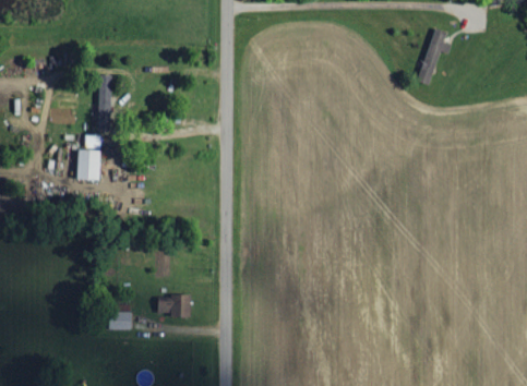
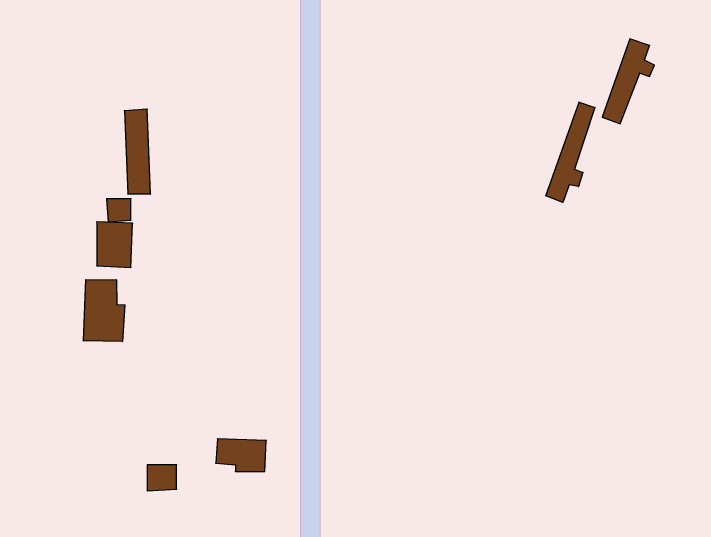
building: none -> [546,102,595,202]
building: none -> [83,280,125,342]

